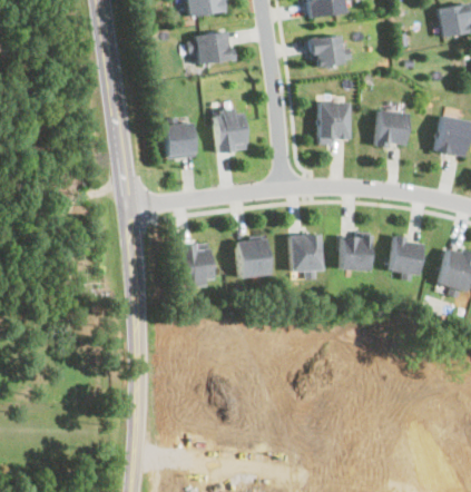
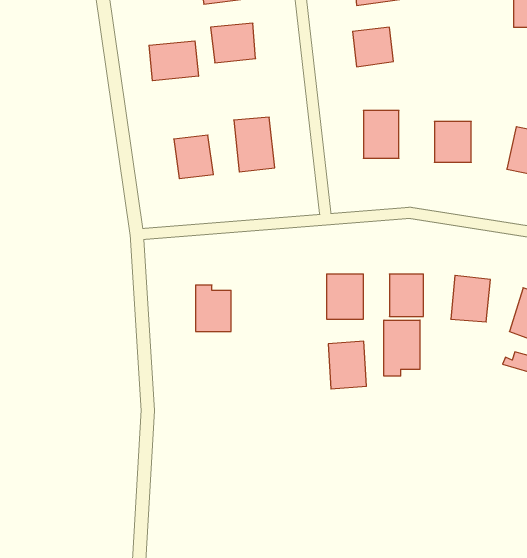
building: none -> [149,41,198,81]
building: [237,239,268,278] -> [328,341,366,389]
building: none -> [384,320,420,376]

